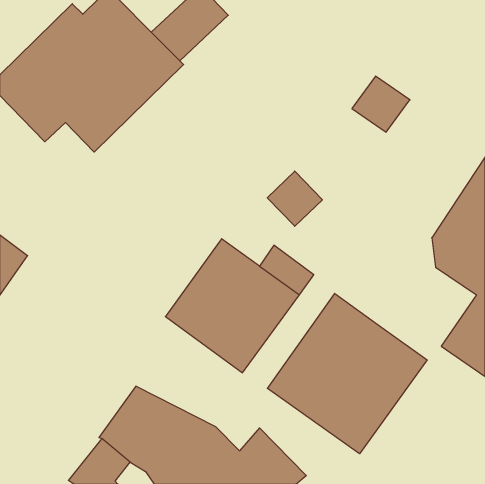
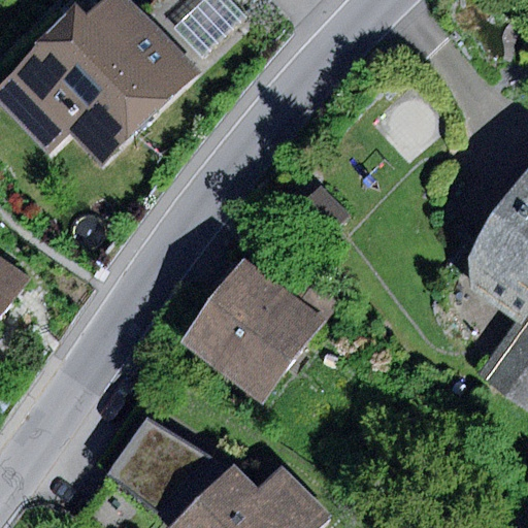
building: [267,293,427,454] -> none

